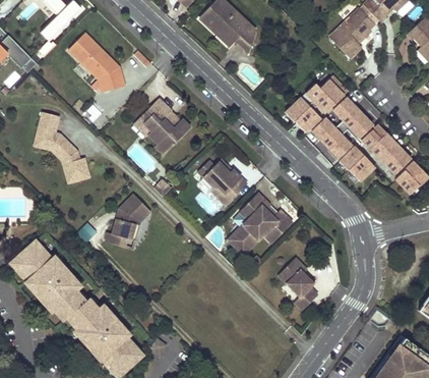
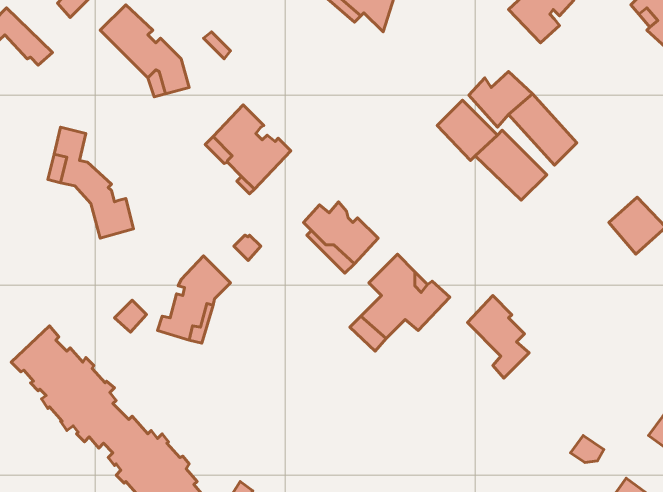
building: [359,119,412,173] -> none
building: [338,143,376,181] -> none
building: [279,258,318,311] -> [467,296,529,378]

